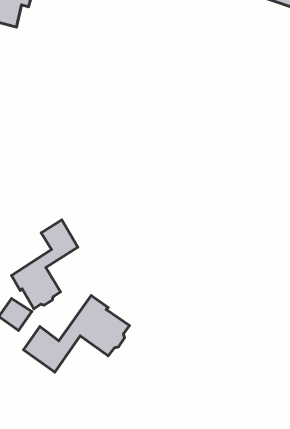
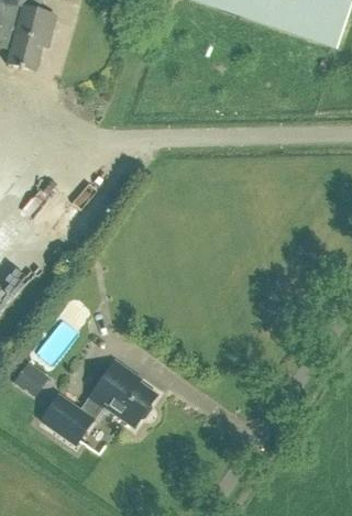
building: [12,220,78,309] -> none

